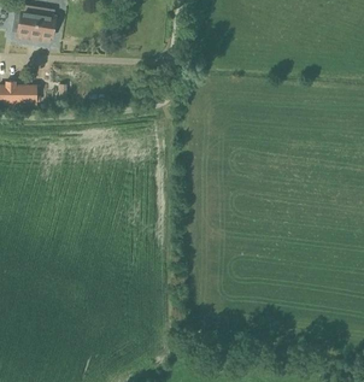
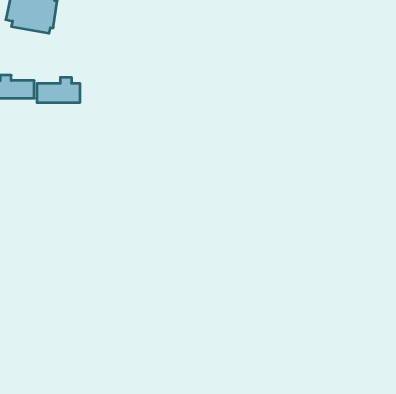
building: none -> [37,77,80,103]

